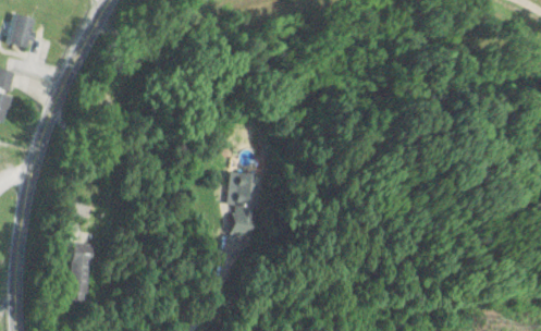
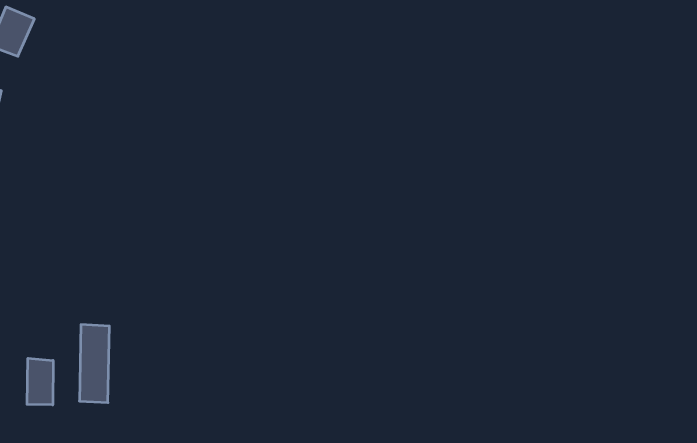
building: none -> [27,358,53,405]

